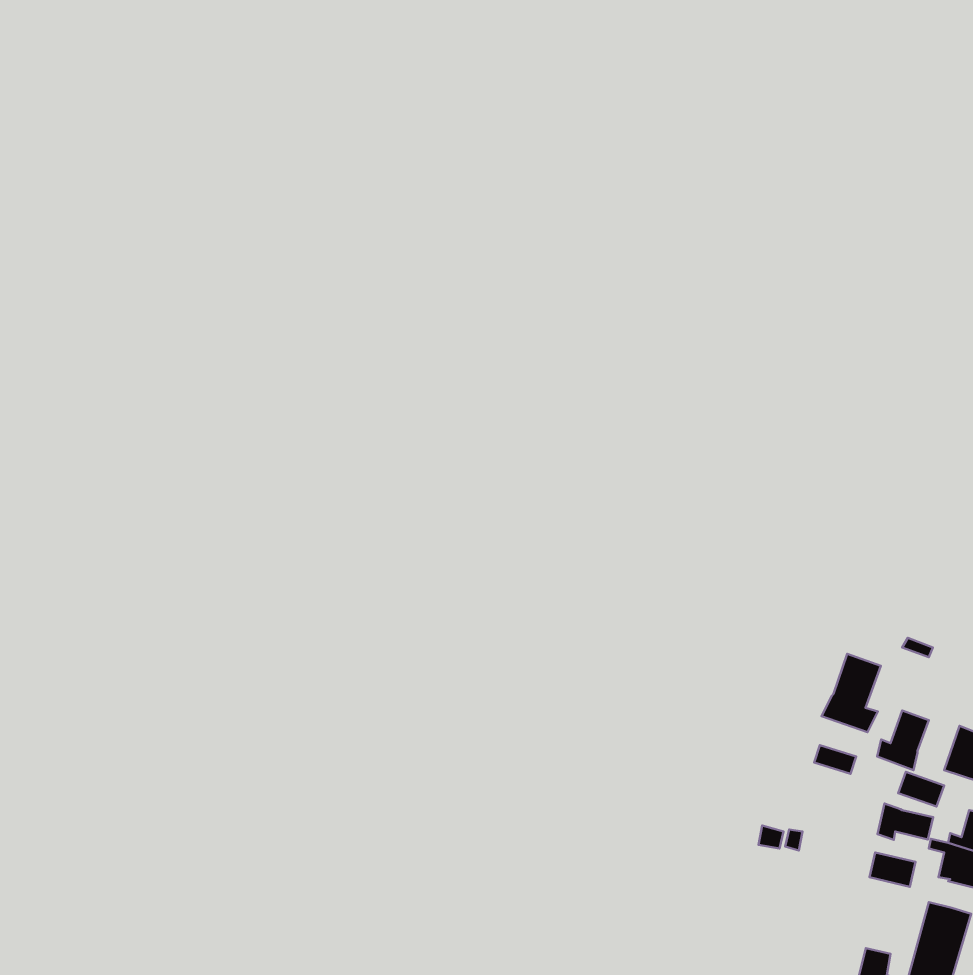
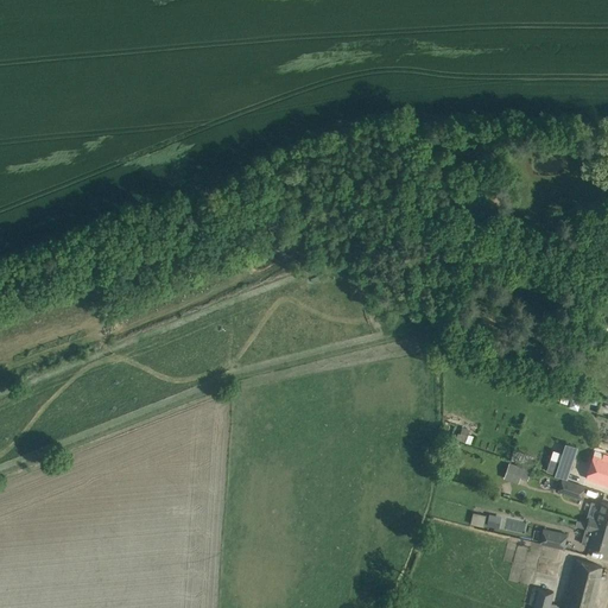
building: [822,654,881,732] -> none
building: [877,804,933,840] -> none

